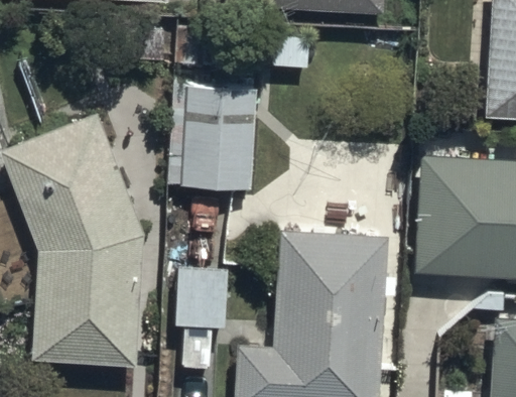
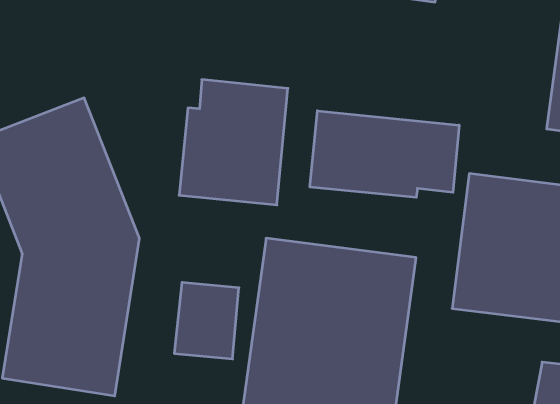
building: none -> [310,111,459,197]

